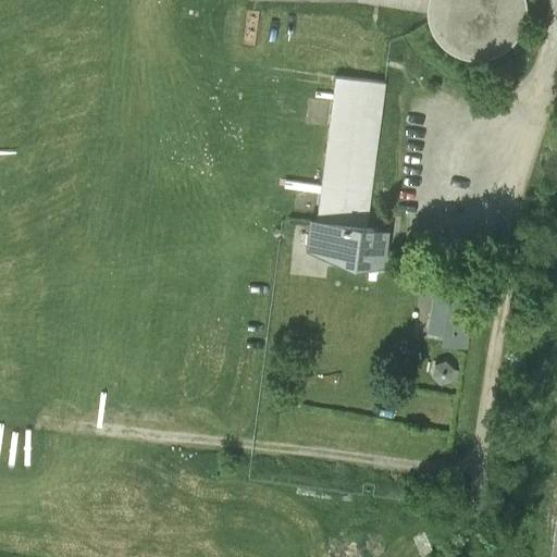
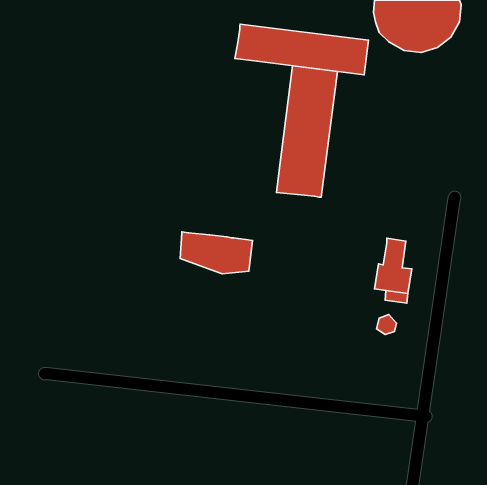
building: none -> [235,24,369,75]
building: [306,221,388,269] -> [180,232,253,274]

